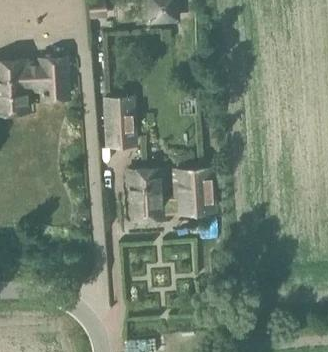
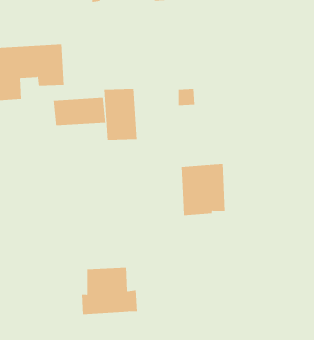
building: none -> [53,97,106,126]
building: [124,174,176,218] -> [81,267,138,315]

